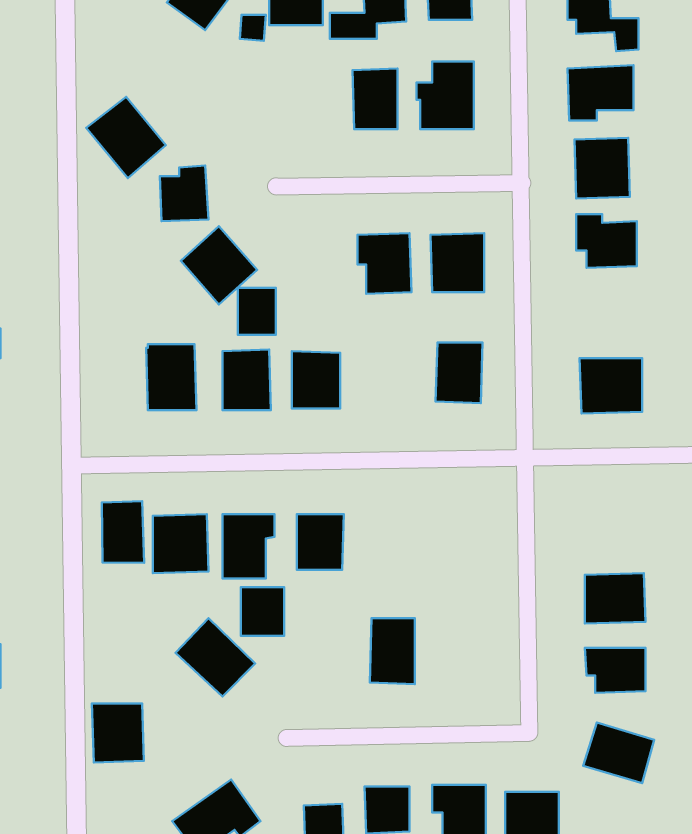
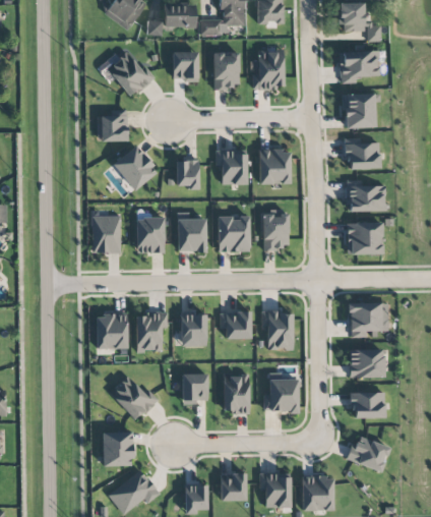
building: none -> [172,51,198,80]
building: [86,97,166,178] -> [106,50,152,98]
building: none -> [346,180,384,211]
building: [238,288,276,335] -> [176,160,198,187]
building: none -> [218,215,250,251]
building: none -> [349,302,388,337]
building: [102,501,144,563] -> none
building: none -> [261,309,293,350]
building: none -> [219,310,251,338]
building: [241,587,284,636] -> [182,374,207,402]
building: none -> [263,379,299,412]
building: [92,703,144,762] -> [102,432,132,466]

